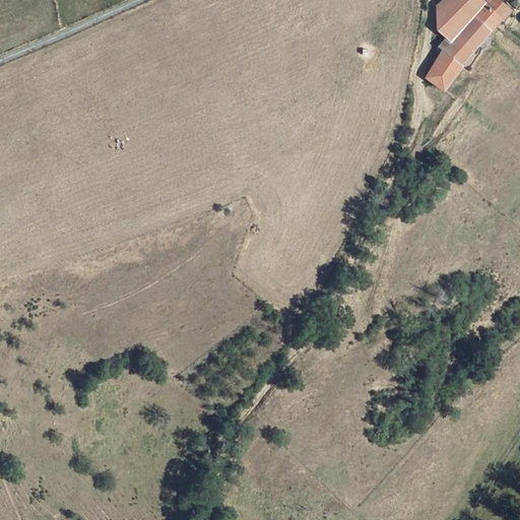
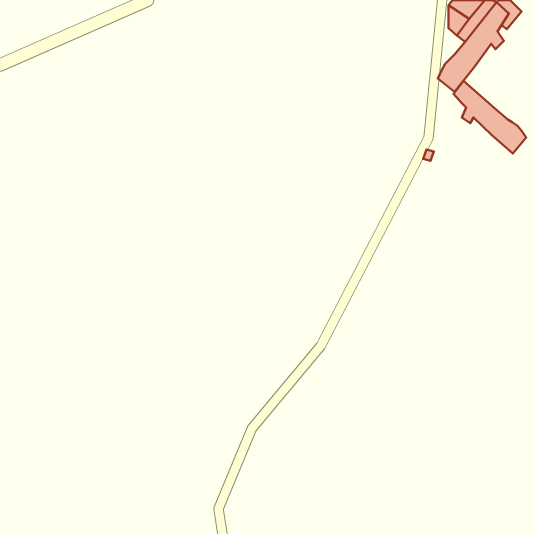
building: none -> [454,81,526,153]

